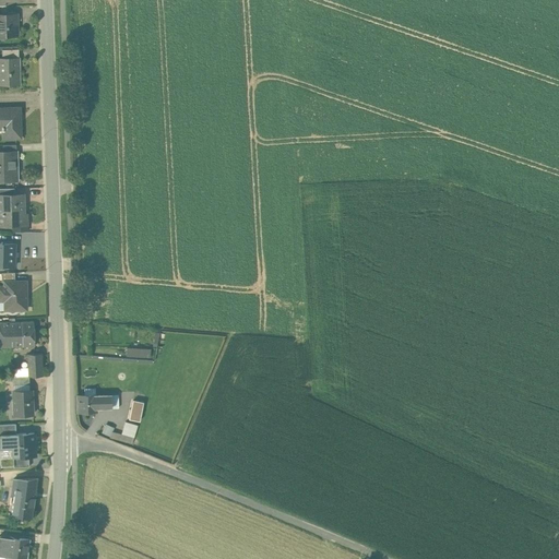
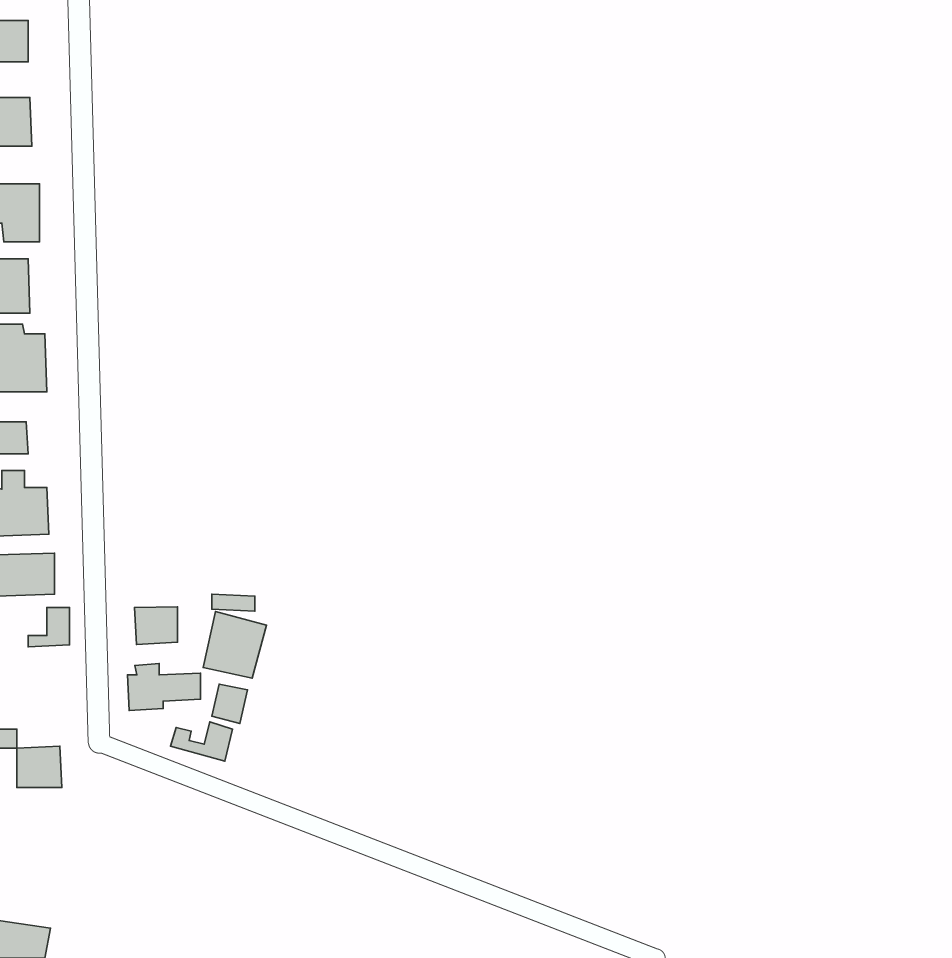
building: none -> [135,607,177,645]
building: none -> [203,612,266,678]
building: [11,388,33,415] -> none
building: [9,478,38,516] -> none

